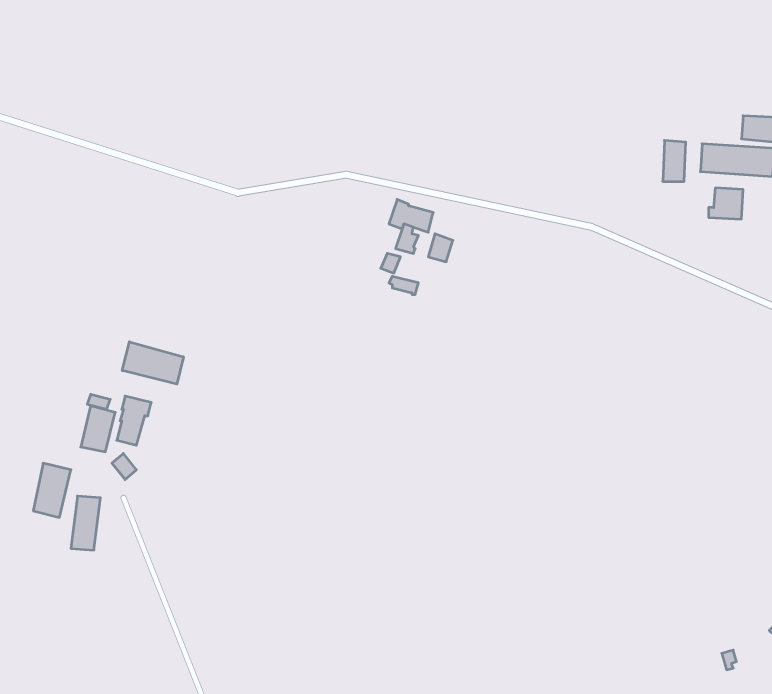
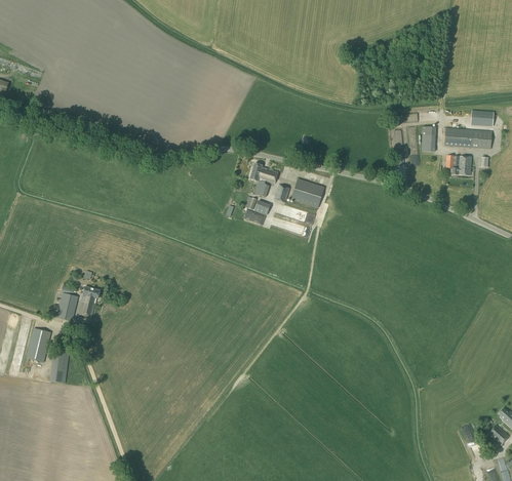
building: none -> [291,178,324,208]
building: [122,342,183,384] -> none

